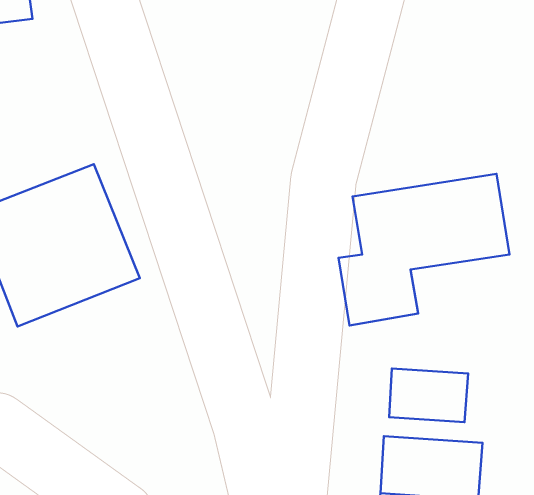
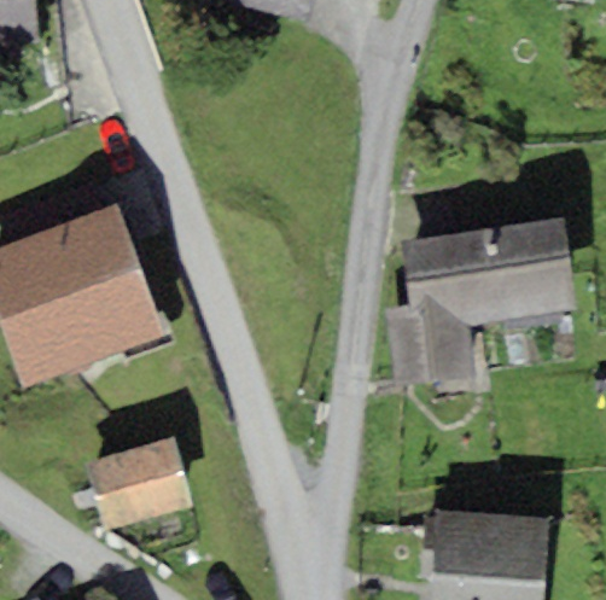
building: [389,368,468,422] -> none
building: none -> [104,442,208,529]

